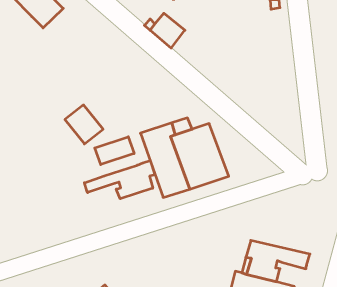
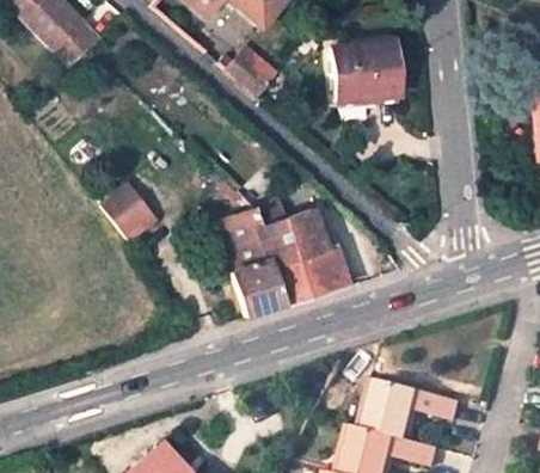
building: none -> [330,39,400,99]
building: [95,137,134,165] -> none
building: [84,161,155,199] -> none

